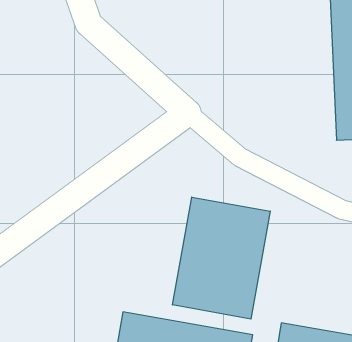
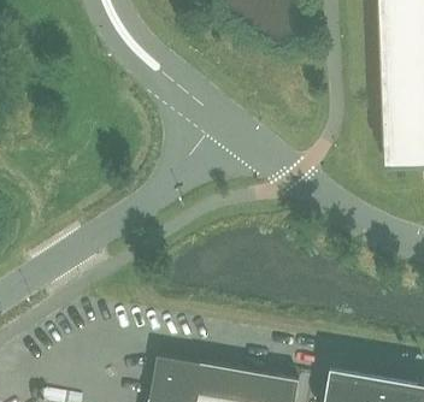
building: [173,197,270,319] -> none

